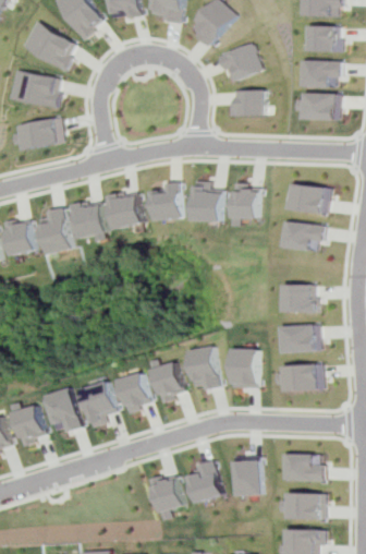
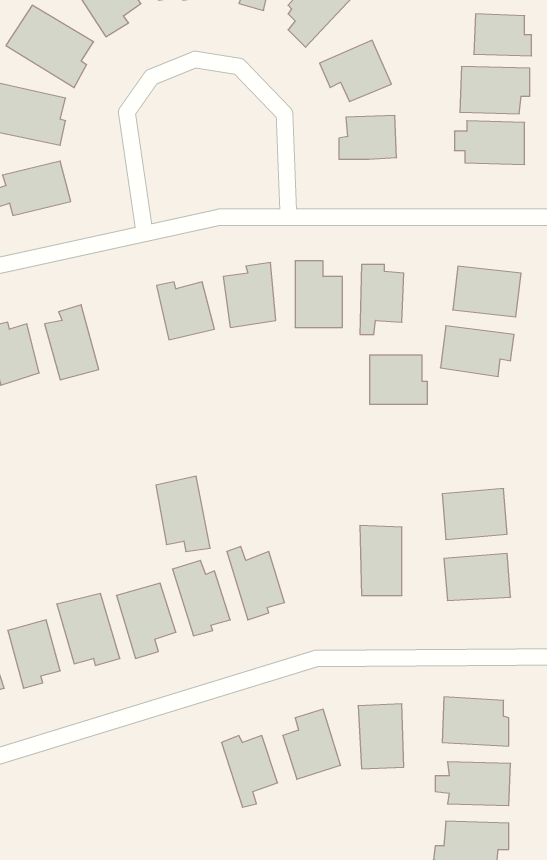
building: [72,201,108,239] -> none
building: [288,282,324,313] -> [370,355,427,404]
building: [191,344,224,390] -> [156,476,210,552]

